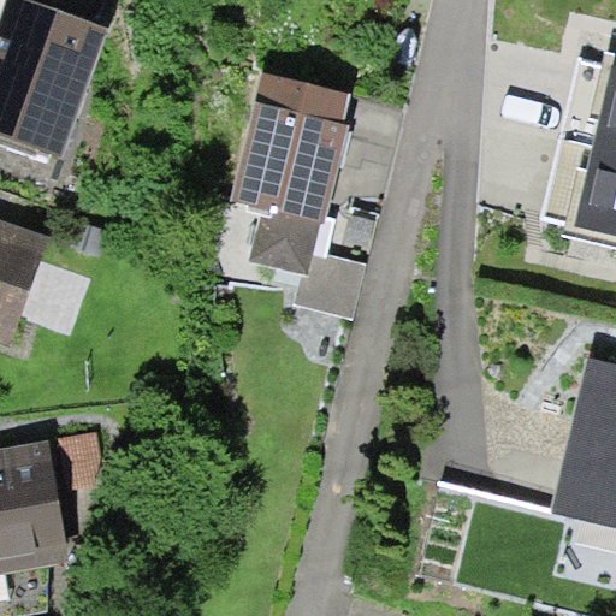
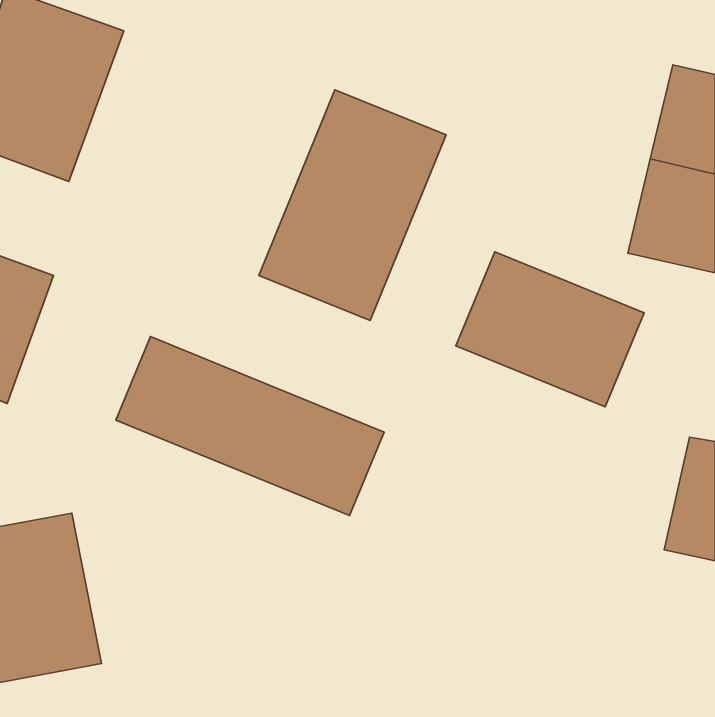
building: none -> [456,252,644,407]
building: none -> [116,337,384,516]

